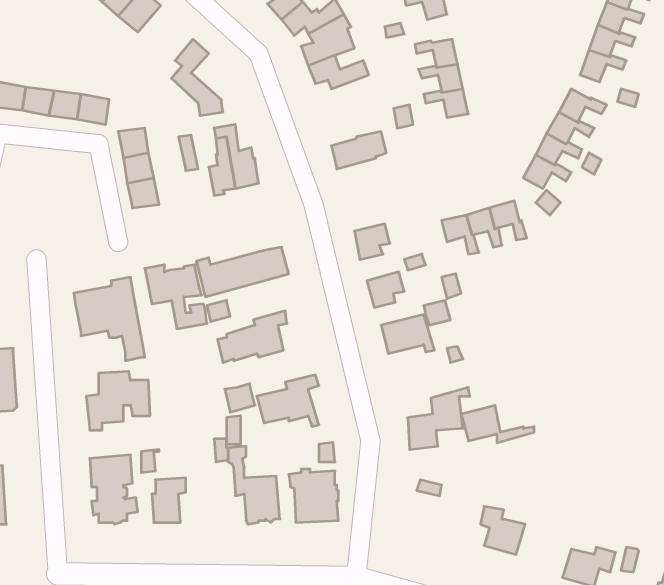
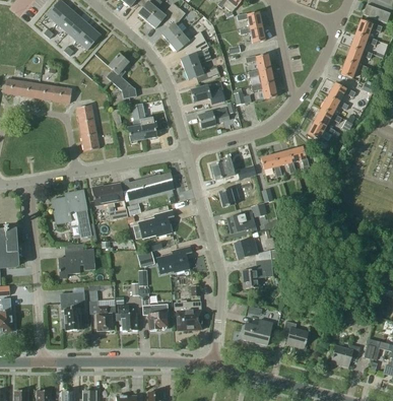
building: none -> [191,83,224,104]
building: [461,405,534,443] -> [235,238,276,259]
building: none -> [116,305,138,331]
building: none -> [242,318,272,345]

